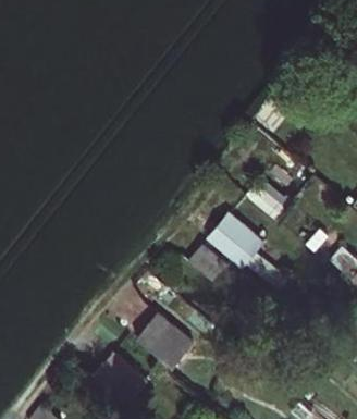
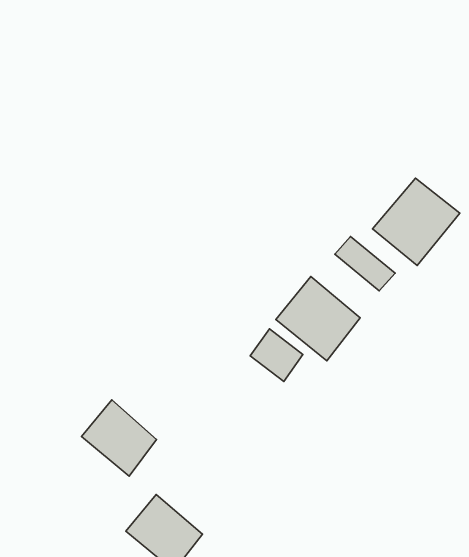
building: none -> [373,178,460,265]
building: [140,317,192,369] -> [81,400,156,476]

